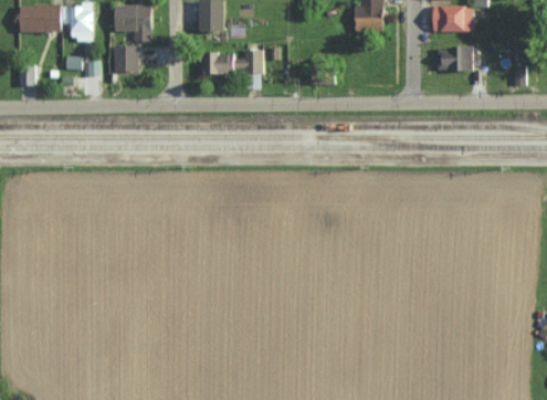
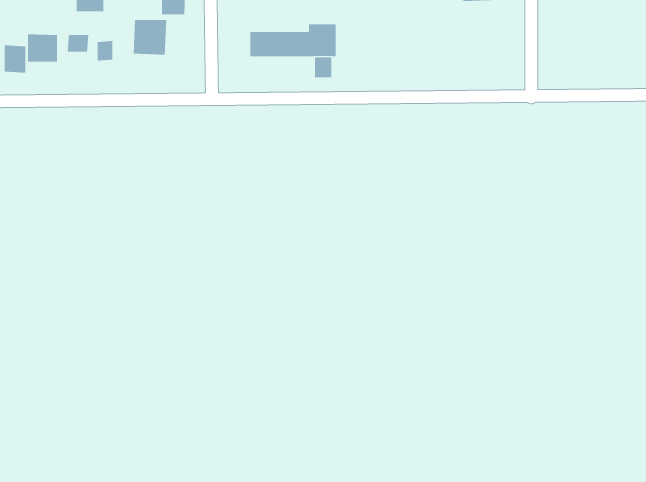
building: [436,46,472,72] -> none
building: none -> [28,33,58,62]

